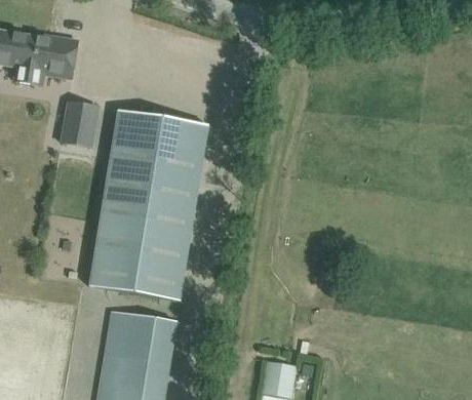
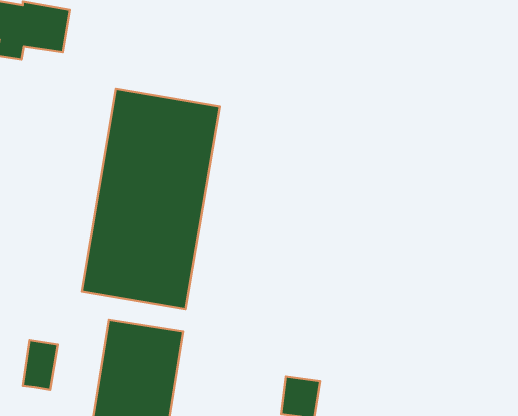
building: [62,101,99,147] -> none
building: none -> [23,340,58,390]

